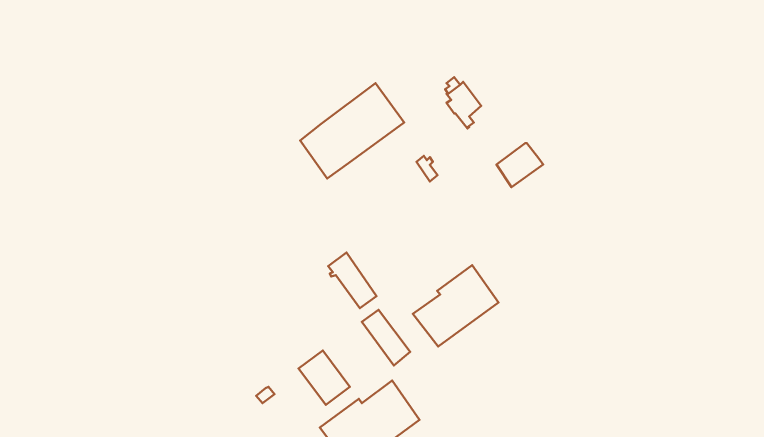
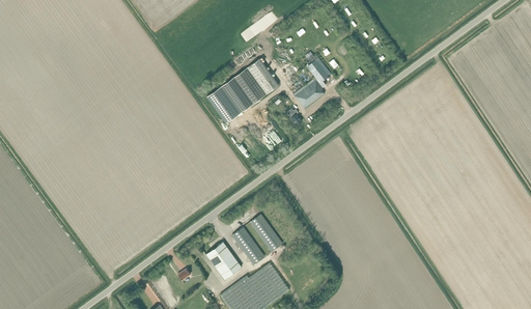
building: [497,143,543,187] -> [292,79,325,109]
building: [328,252,377,308] -> [231,226,264,264]
building: [413,265,499,346] -> none

